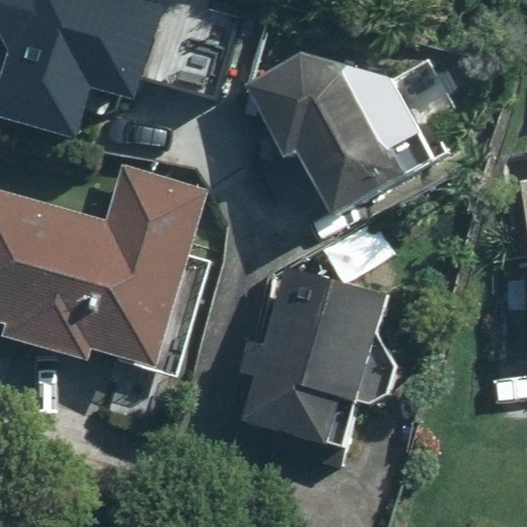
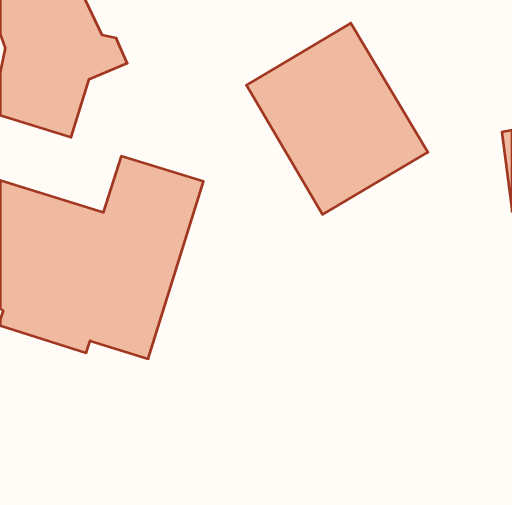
building: [241,264,384,451] -> none

